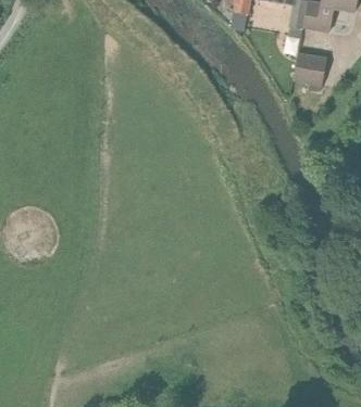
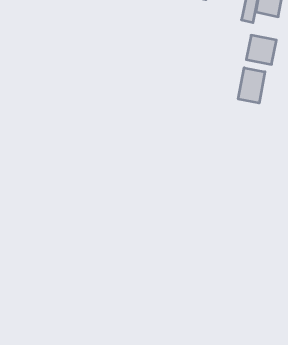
building: none -> [238,68,265,103]

